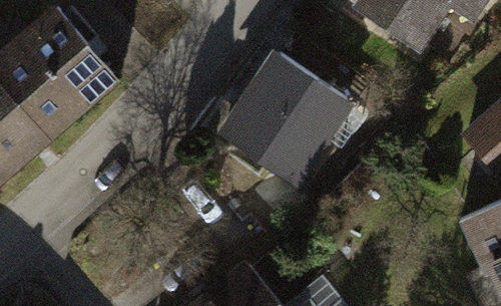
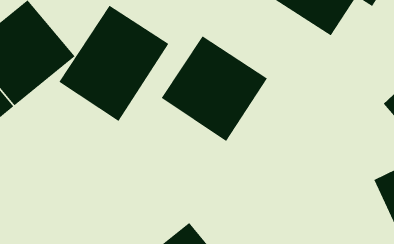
building: none -> [59,5,169,122]

